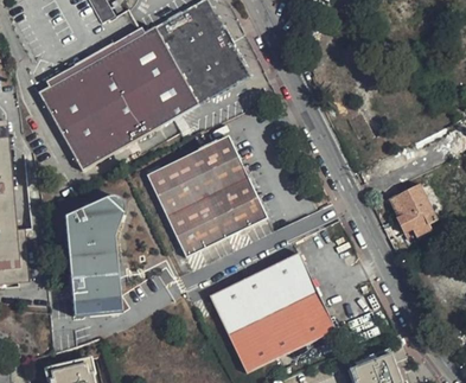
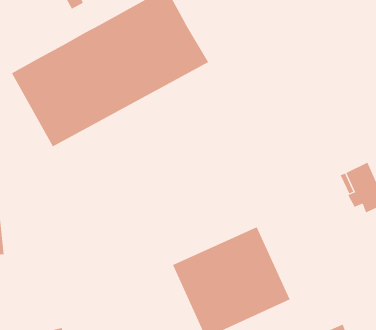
building: [147,138,267,257] -> none
building: [62,187,125,319] -> none

